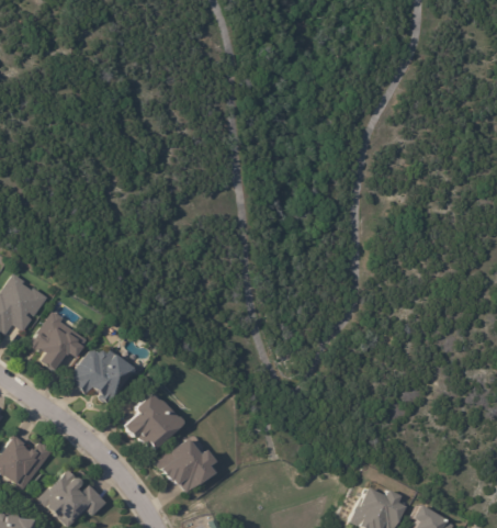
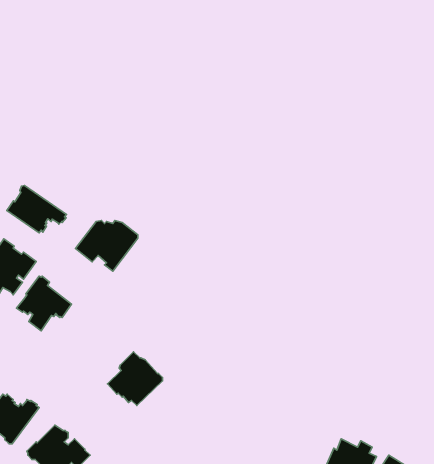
building: none -> [7,186,67,233]
building: [68,351,134,405] -> [75,220,138,271]
building: [153,437,216,494] -> none

